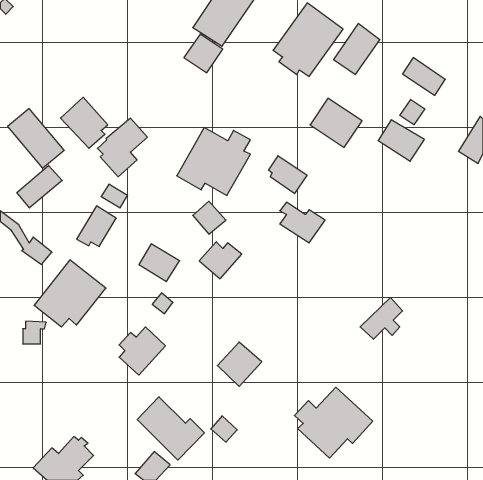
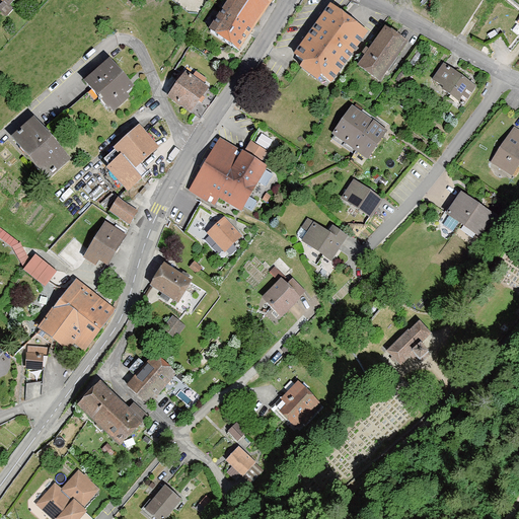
building: [184,34,223,73] -> [166,71,208,113]
building: [60,97,108,148] -> [82,58,133,113]
building: [400,99,425,125] -> none
building: [378,120,424,161] -> [446,192,496,236]
building: [268,156,307,194] -> [344,177,385,218]
building: [17,165,62,208] -> none
building: [199,242,242,279] -> [262,277,307,316]
building: [217,342,262,386] -> [274,380,321,428]
building: [294,387,373,458] -> none
building: [137,397,204,460] -> [79,377,151,445]

